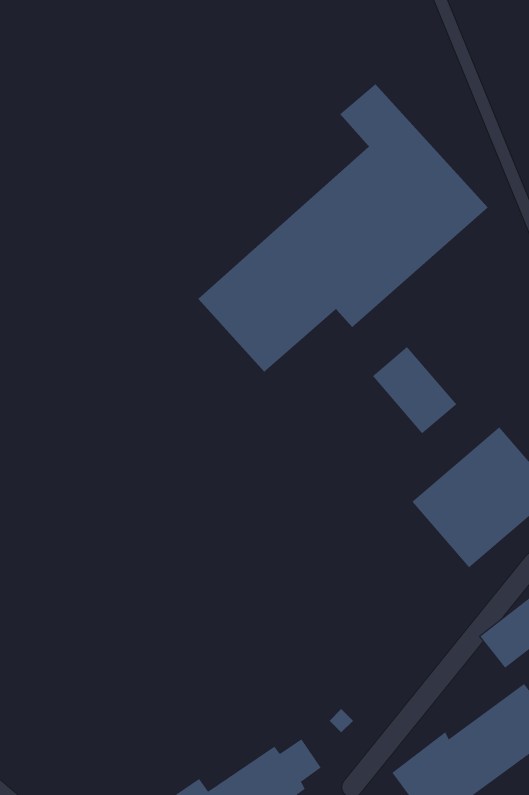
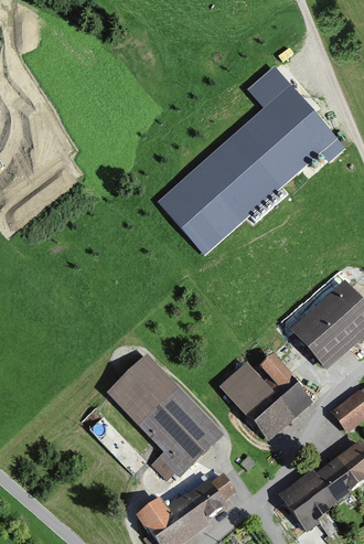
building: [372,346,457,434] -> none
building: none -> [106,352,223,478]
building: none -> [218,353,312,438]

